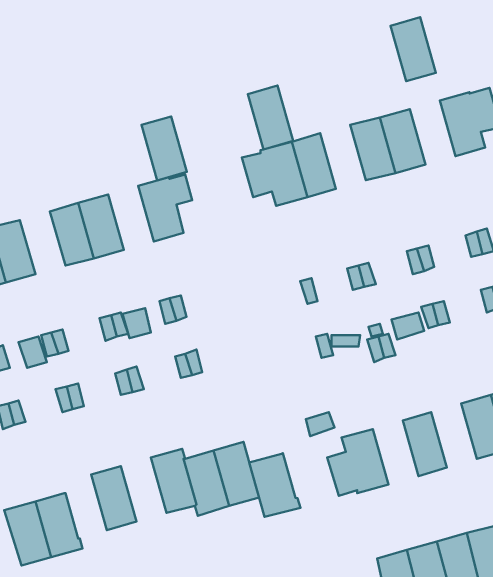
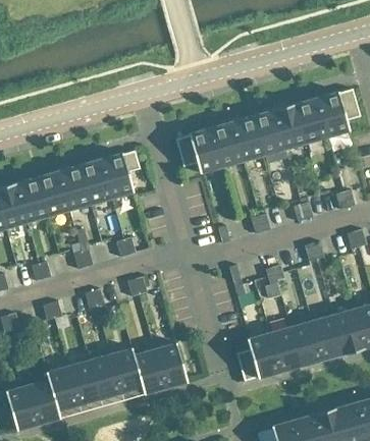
building: [390,17,436,81] -> [296,98,328,144]
building: [248,86,293,150] -> [231,115,264,161]
building: [141,116,187,180] -> [80,159,112,205]
building: none -> [16,177,49,222]
building: none -> [311,315,343,361]
building: none -> [269,327,302,373]
building: [249,453,300,517] -> none
building: none -> [89,353,121,399]
building: none -> [46,366,78,411]

